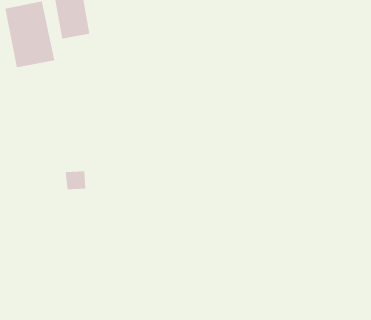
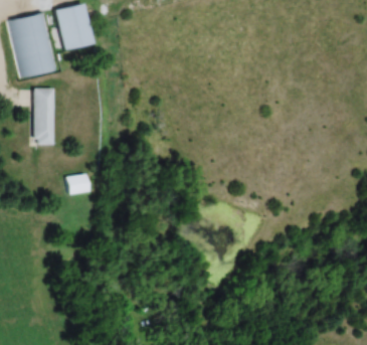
building: none -> [33,89,53,145]

